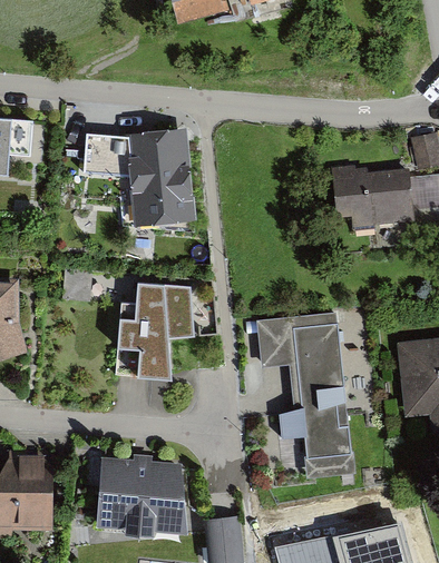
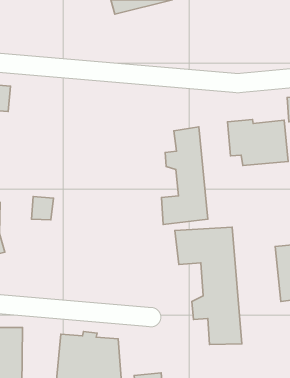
building: [84,136,195,231] -> none
building: none -> [162,127,208,225]
building: [117,279,201,381] -> none

